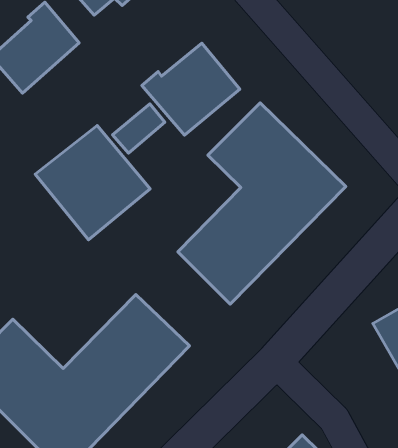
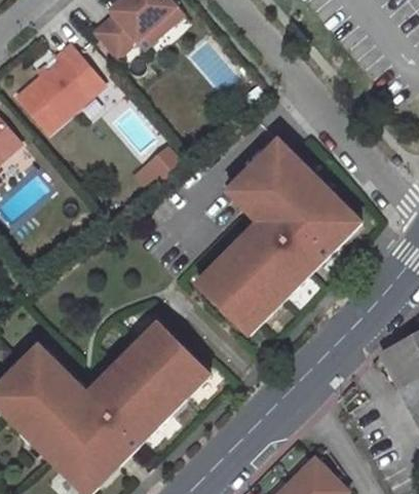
building: [142,43,240,135] -> none
building: [35,125,150,240] -> none

